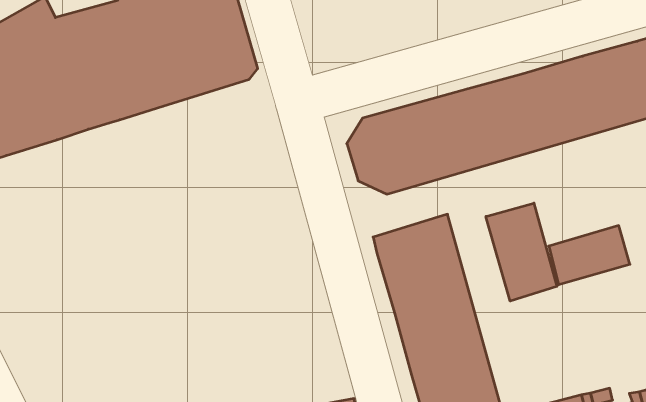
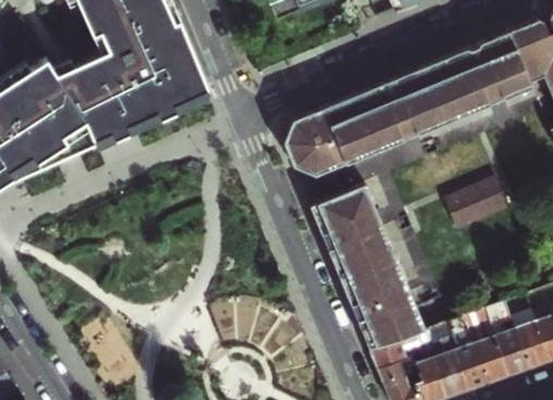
building: [486,203,557,301] -> none

